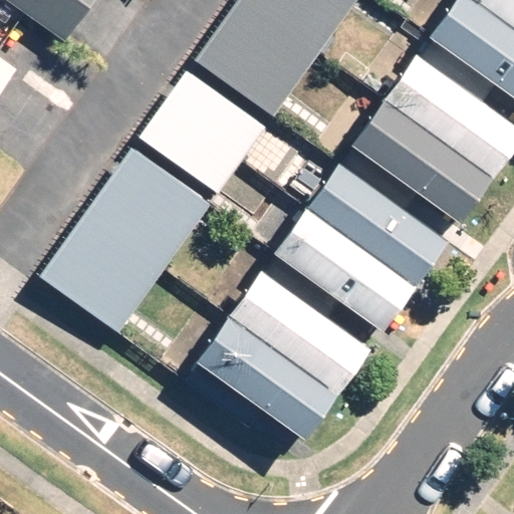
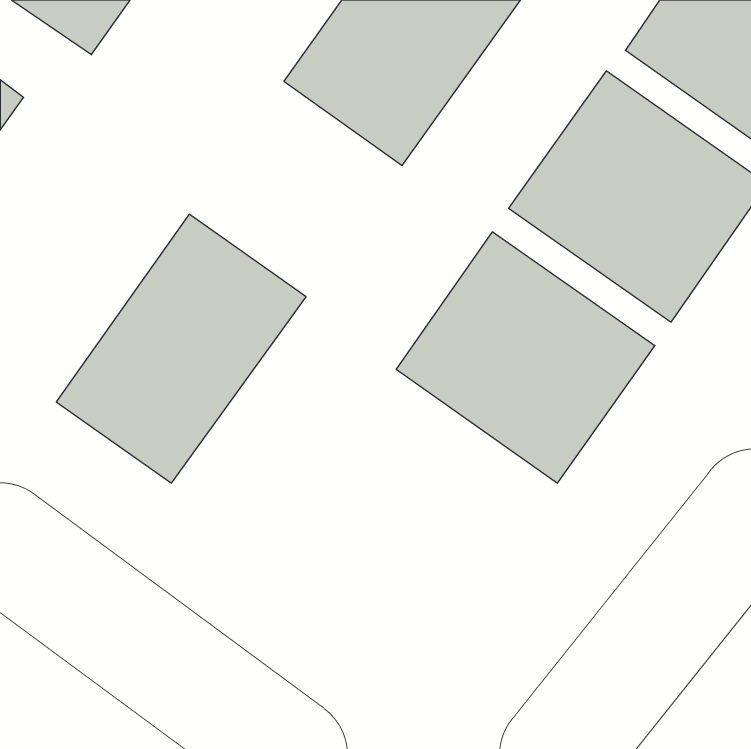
building: [140,72,267,195] -> none
building: [195,269,369,439] -> none

